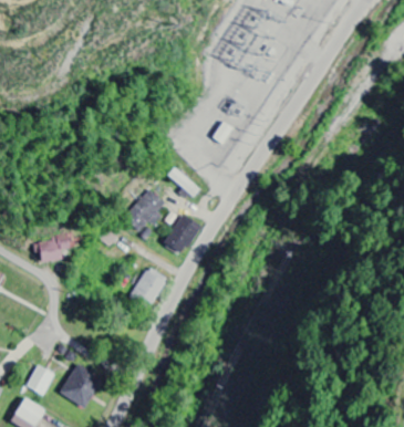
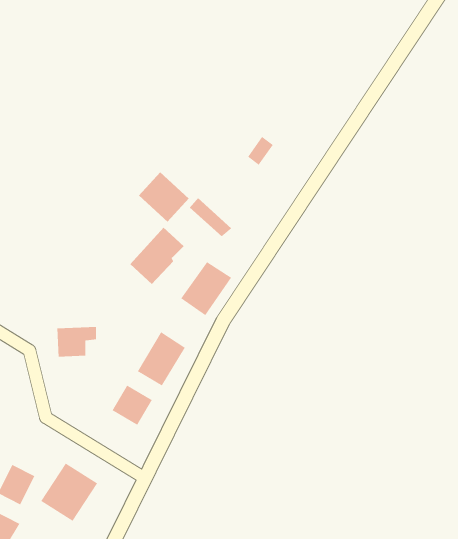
building: none -> [138,171,190,222]
building: [40,239,70,262] -> [56,326,97,358]
building: none -> [111,385,153,426]

